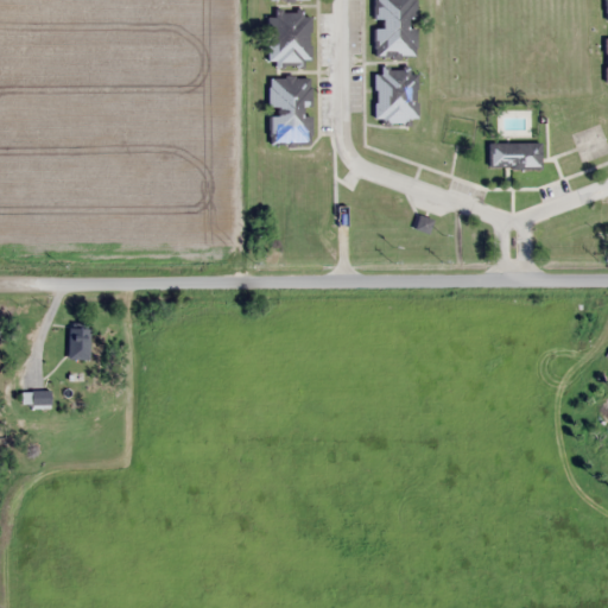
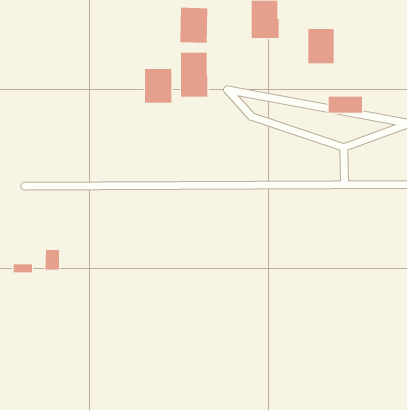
building: [376,68,417,120] -> [307,29,335,64]
building: none -> [145,68,172,104]
building: [69,328,91,359] -> [45,249,60,270]

